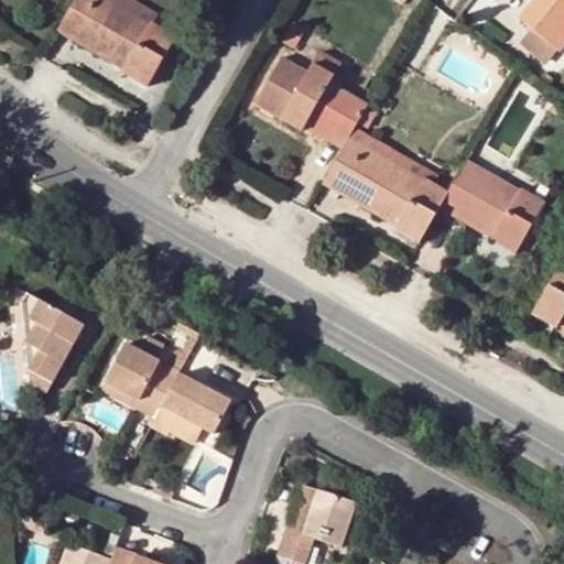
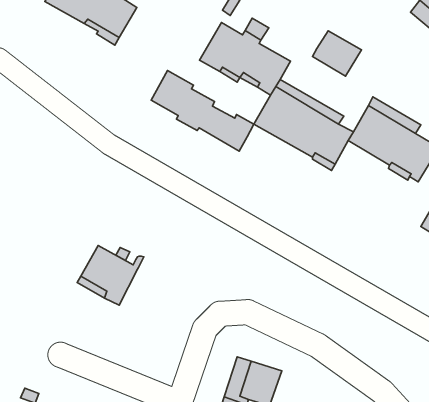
building: none -> [313,31,361,76]
building: none -> [151,70,254,151]
building: [21,295,86,394] -> none
building: [148,368,230,431] -> none

